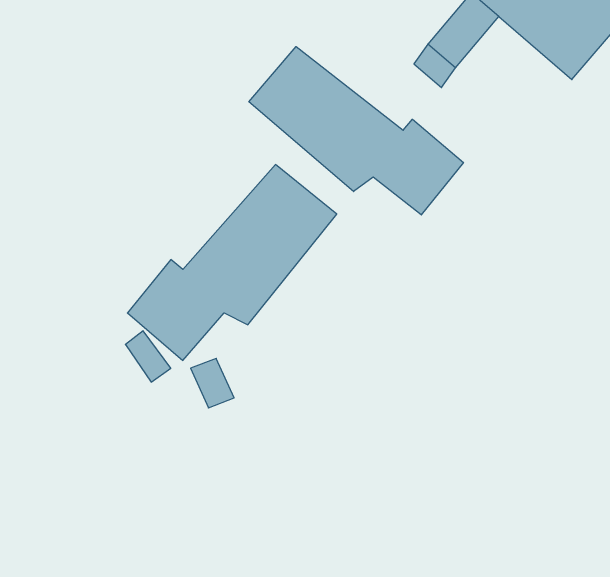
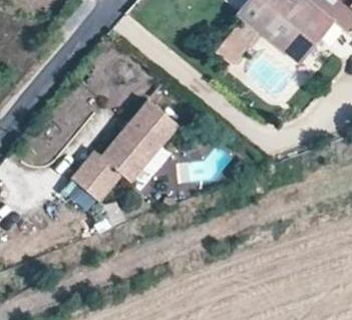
building: [249,47,463,215] -> none

